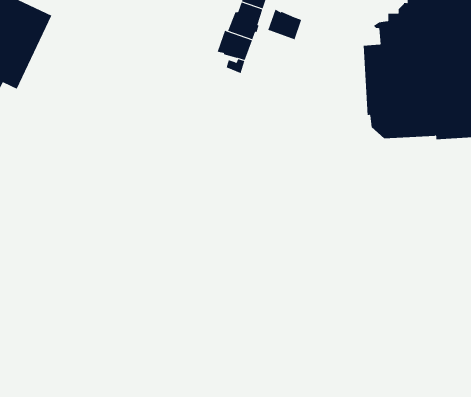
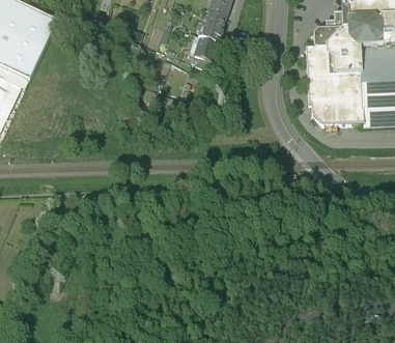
building: [267,9,302,40] -> none

